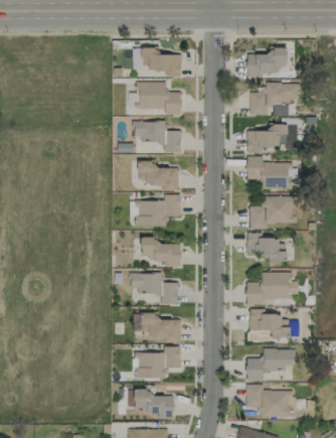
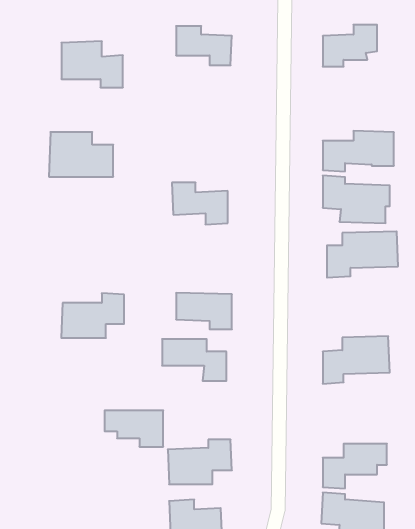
building: [137,82,181,115] -> [61,41,123,87]
building: [249,84,298,116] -> none
building: [135,122,181,154] -> [49,132,113,177]
building: [135,194,180,227] -> [61,293,124,338]
building: [246,234,287,262] -> none
building: [249,309,290,337] -> none
building: [139,317,181,343] -> [105,410,163,447]

